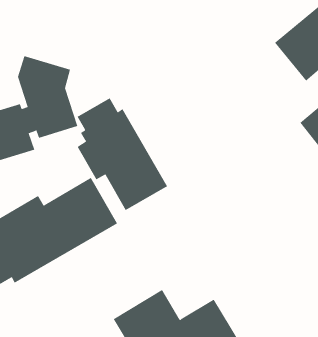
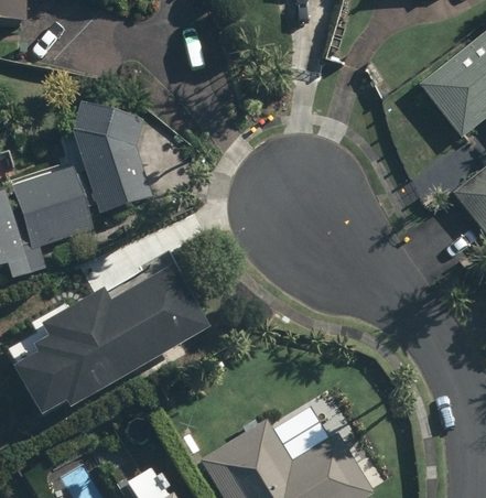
building: [77,98,168,211] -> none

